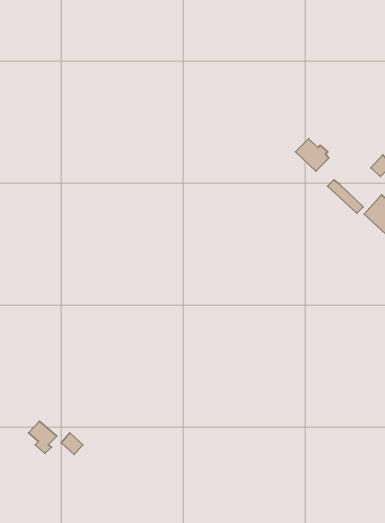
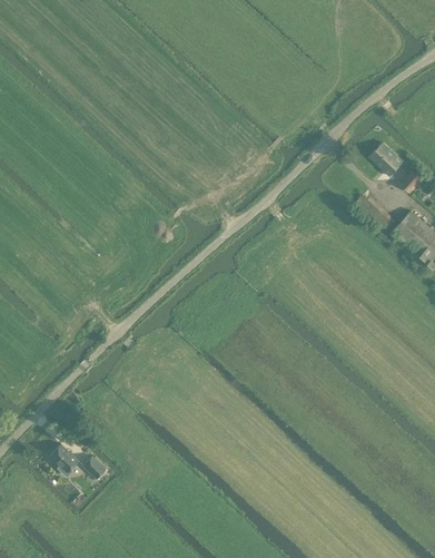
building: [295,139,329,171] -> [369,141,404,175]

